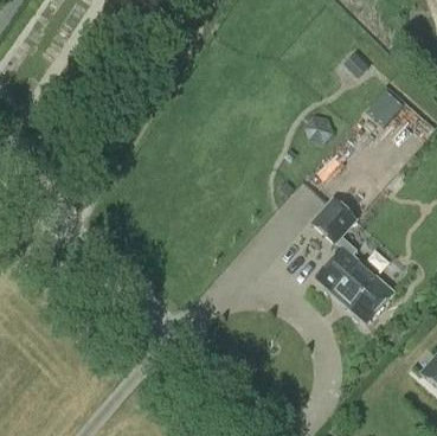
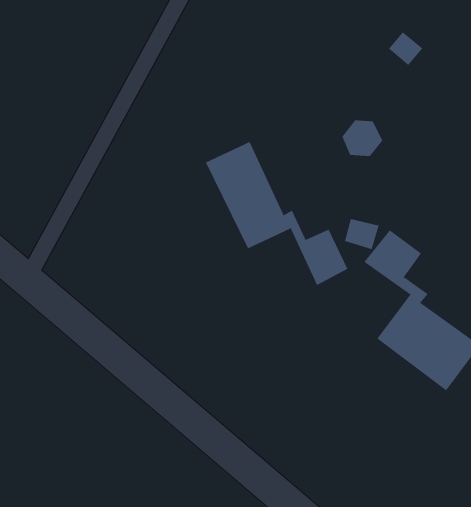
building: none -> [205,141,348,286]

